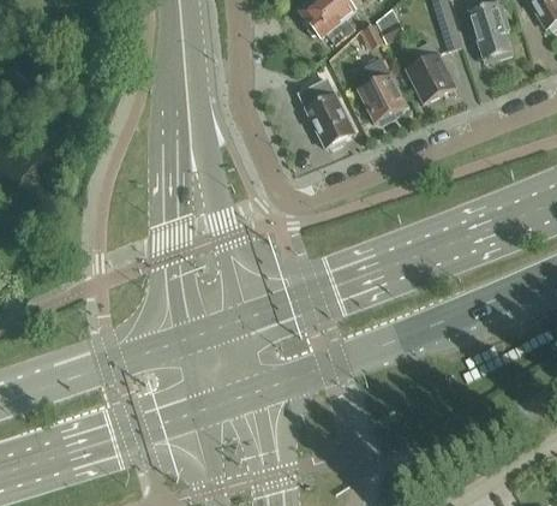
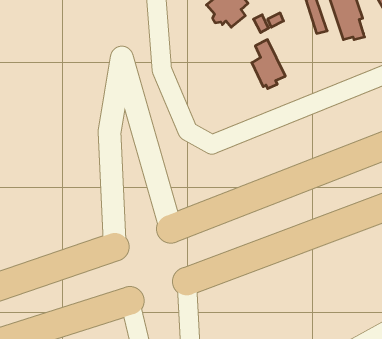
building: [407,42,453,102] -> none
building: [298,78,354,149] -> none

